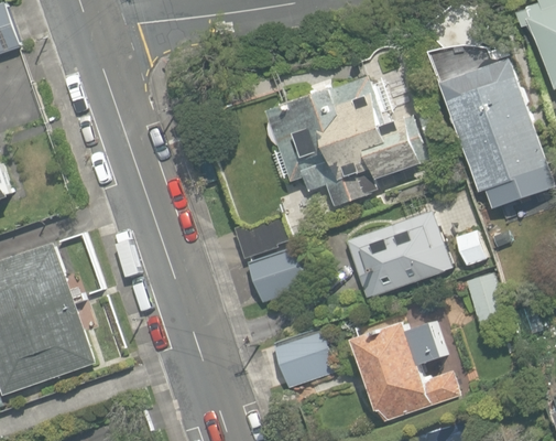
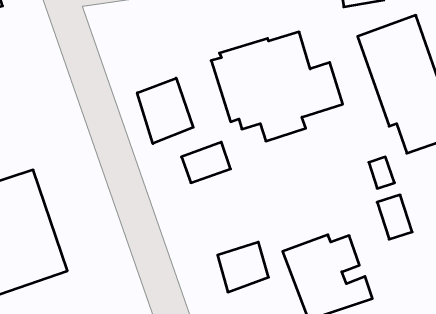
building: none -> [137,78,193,144]
building: [347,211,450,298] -> none
building: [246,245,305,303] -> none

